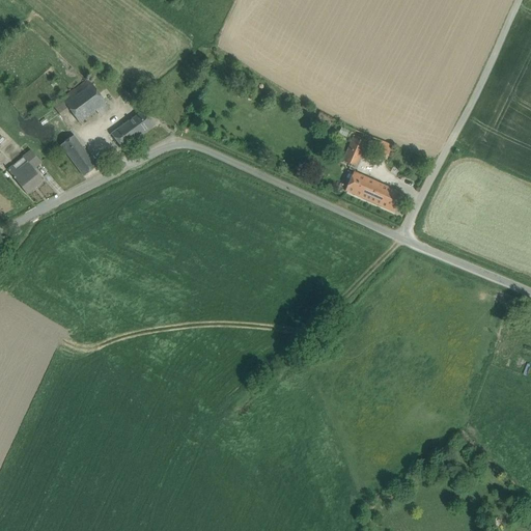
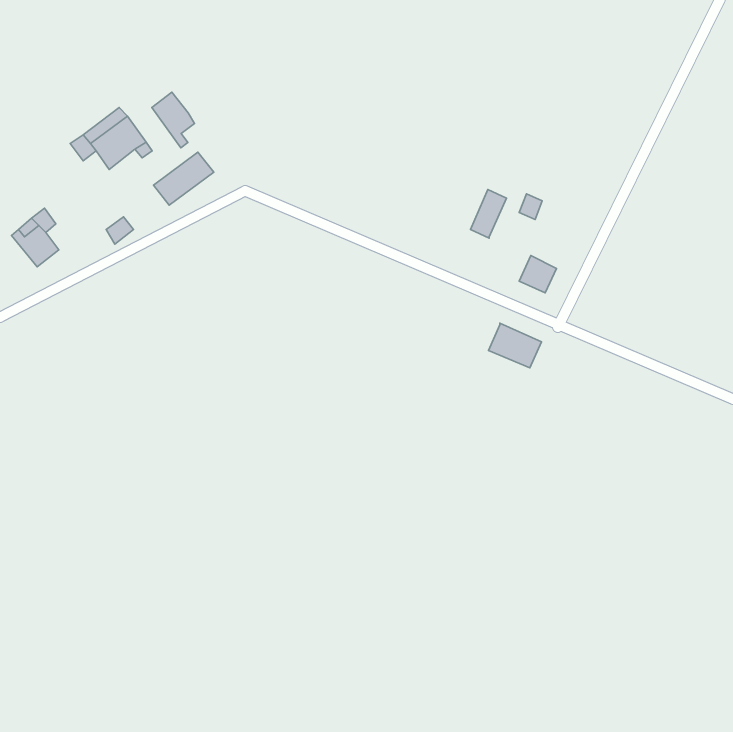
building: none -> [152,92,195,148]
building: [60,135,89,166] -> none
building: [345,171,384,203] -> [488,323,541,368]

